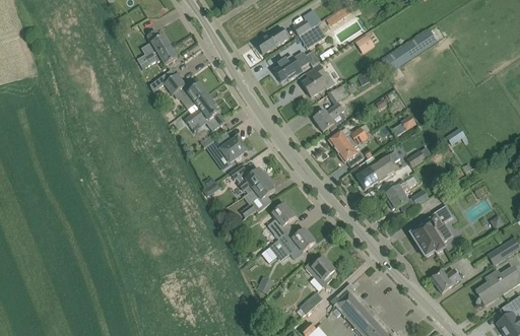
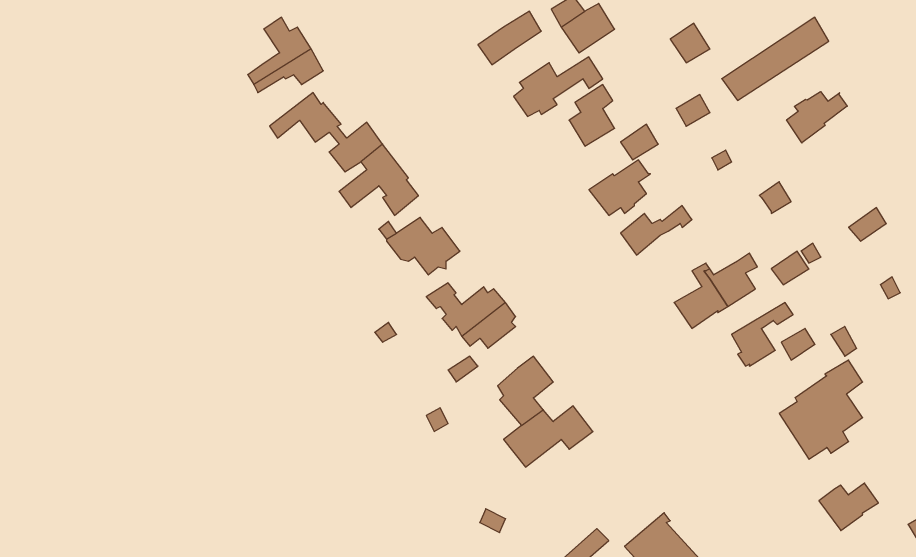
building: none -> [787,92,847,143]
building: [337,133,368,166] -> none
building: [305,257,335,286] -> none

